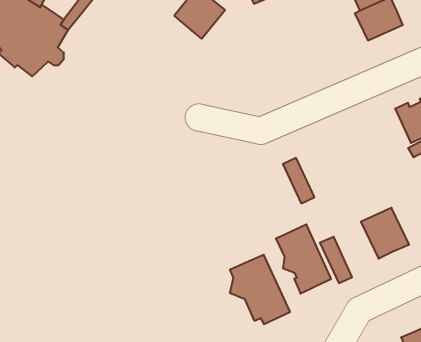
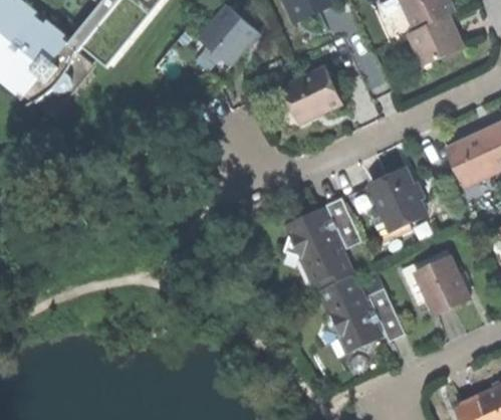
building: none -> [281,67,341,124]
building: none -> [369,169,424,229]
building: [230,255,290,324] -> [282,209,351,288]

